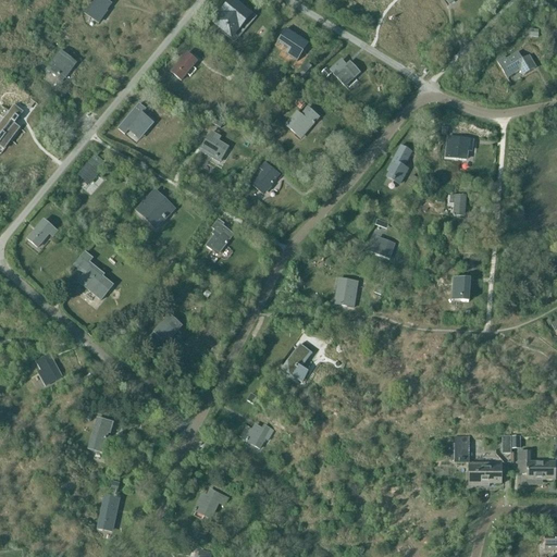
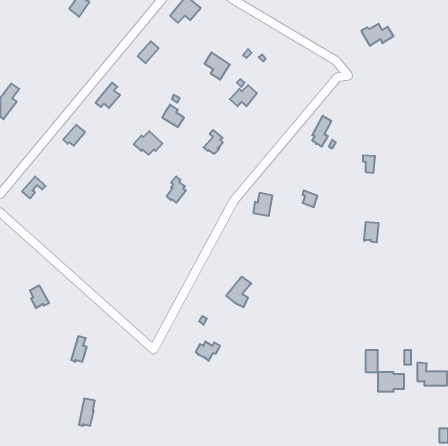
building: [277,26,309,60] -> [204,52,230,80]
building: [47,49,76,79] -> none
building: [496,50,536,77] -> [361,24,394,46]
building: [330,58,360,85] -> none
building: [446,135,472,158] -> none
building: [137,193,173,222] -> [134,131,162,155]
building: [74,257,112,298] -> none
building: [335,277,359,306] -> [253,193,272,216]
building: [153,308,182,342] -> none
building: [195,490,227,517] -> none

